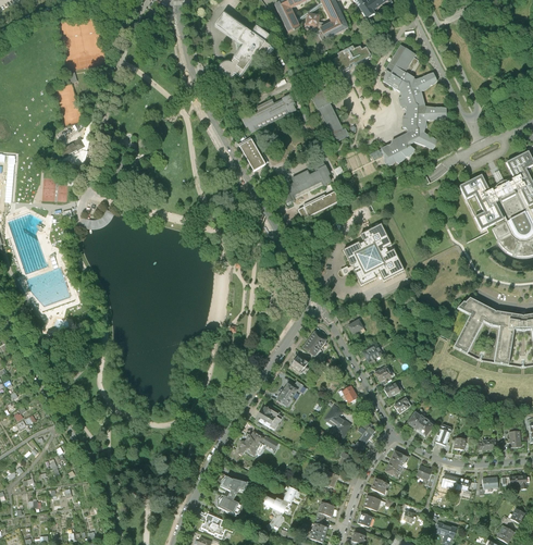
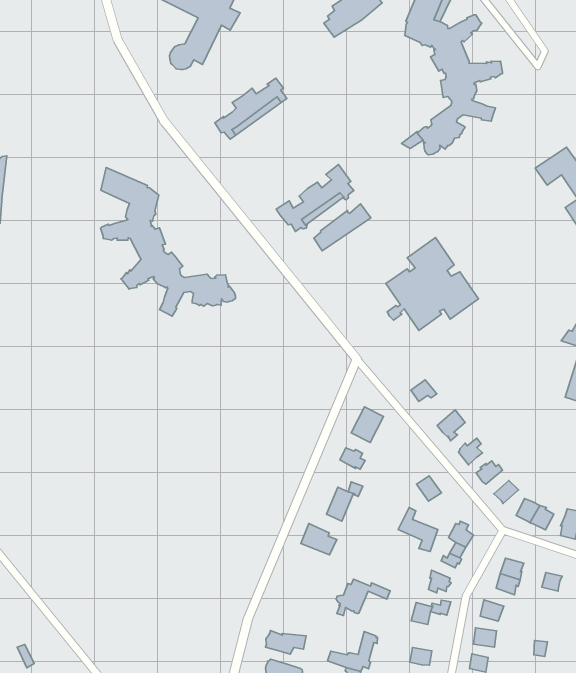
building: [311,89,348,141] -> none
building: [239,137,268,170] -> none
building: none -> [100,167,235,316]
building: [238,431,277,455] -> [336,579,390,616]

